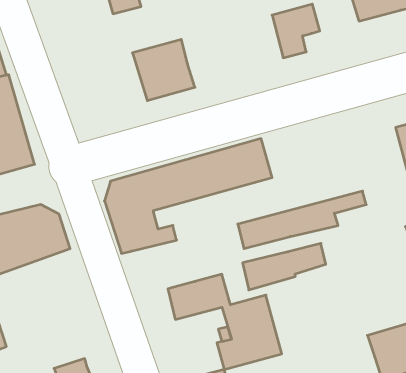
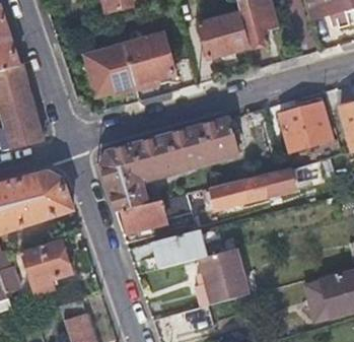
building: none -> [198,14,247,60]
building: none -> [86,46,135,95]
building: none -> [278,102,333,151]
building: [243,243,326,290] -> [122,194,191,232]
building: none -> [19,240,70,295]

